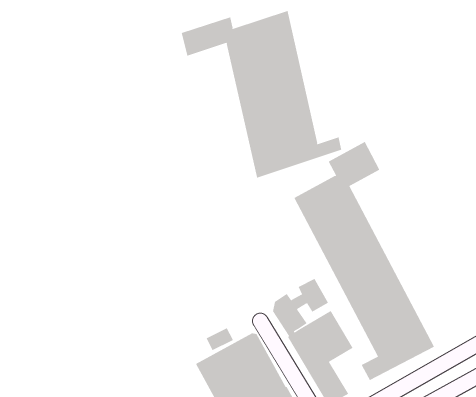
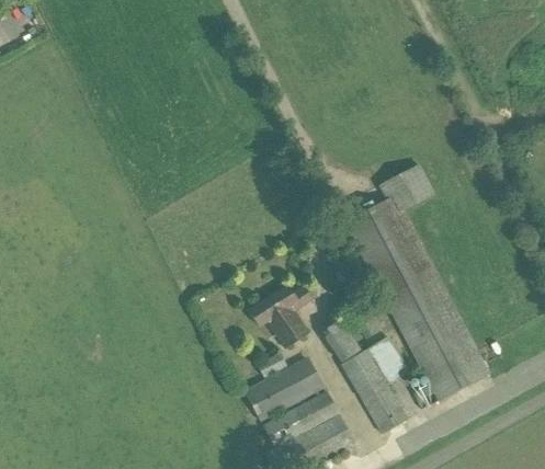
building: [181,10,342,179] -> none
building: none -> [248,285,310,346]

